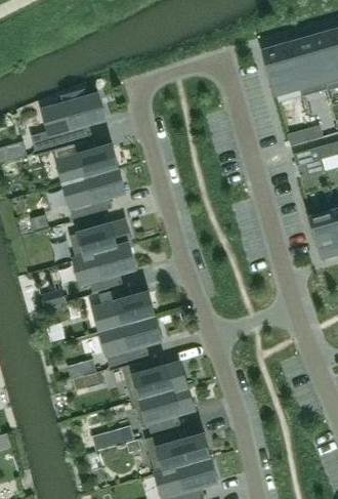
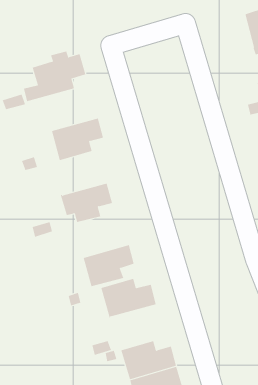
building: [263,44,300,93] -> none
building: [54,139,120,184] -> none
building: [71,214,132,259] -> none
building: [94,286,156,332] -> none
building: [134,386,195,433] -> none

